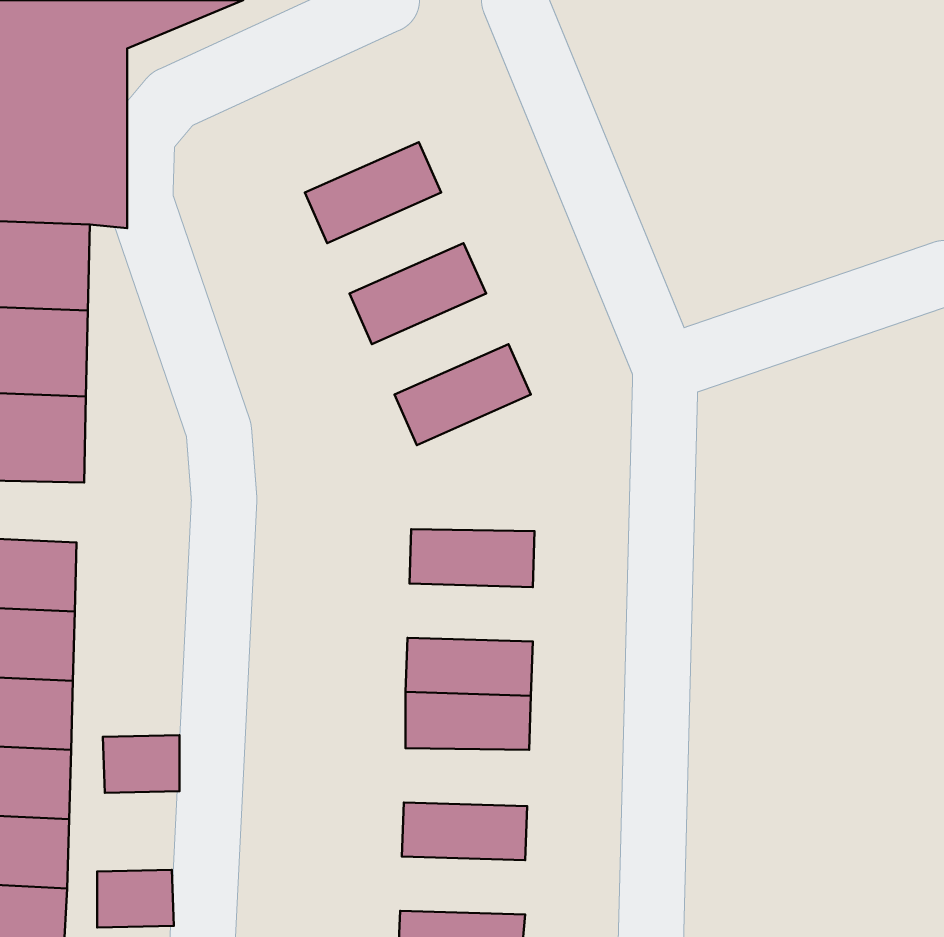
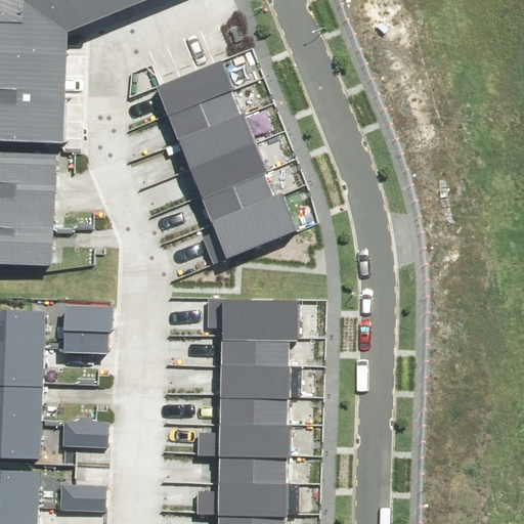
building: none -> [155,59,229,116]
building: none -> [179,116,254,171]
building: none -> [204,171,278,226]
building: none -> [63,302,105,351]
building: none -> [223,330,292,361]
building: none -> [221,420,290,451]
building: none -> [219,479,288,511]

